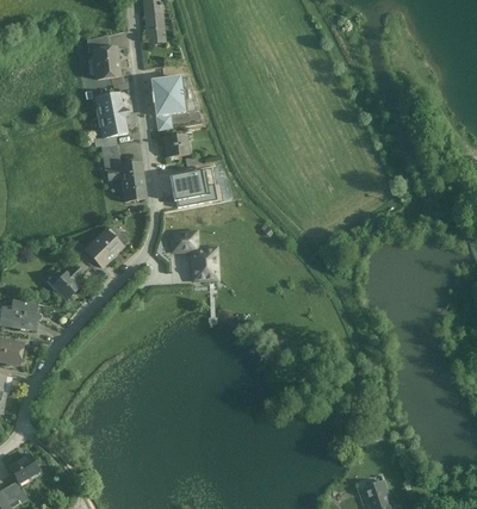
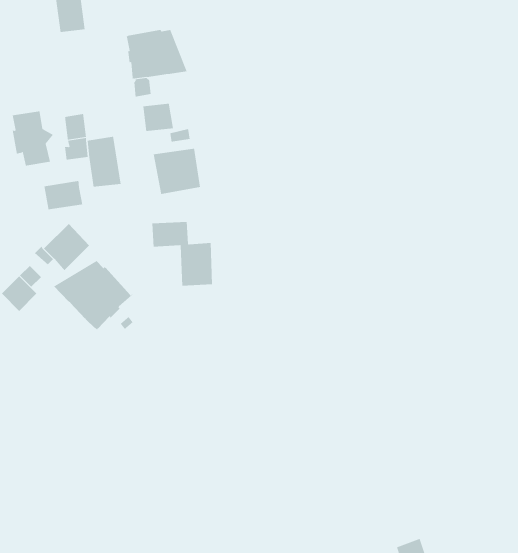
building: [94,93,128,137] -> [12,111,54,166]
building: none -> [44,180,83,210]
building: none -> [53,260,133,330]

